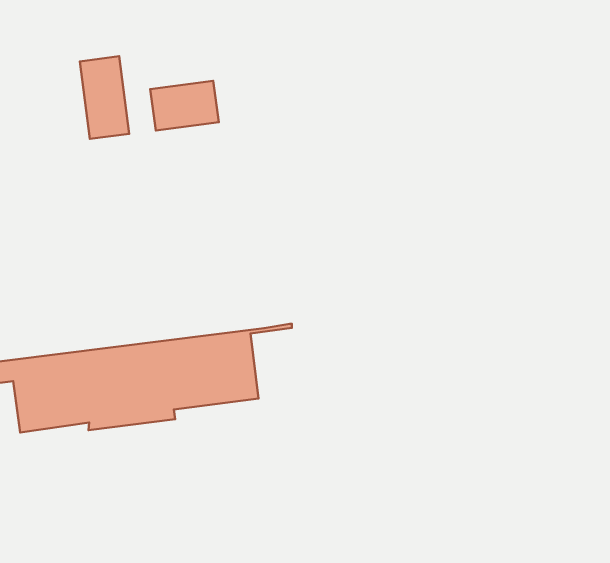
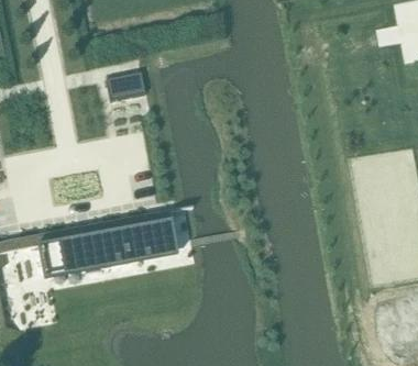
building: [80,56,129,139] -> none

